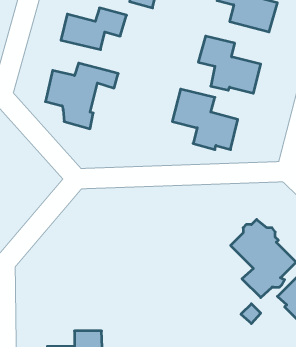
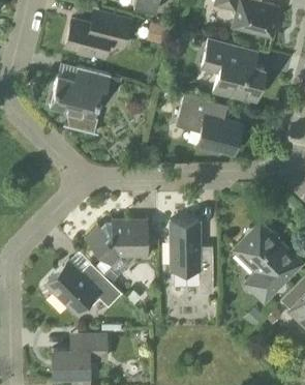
building: none -> [86,218,149,265]
building: none -> [172,221,214,293]
building: none -> [47,260,123,314]

